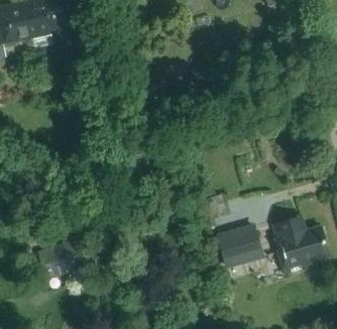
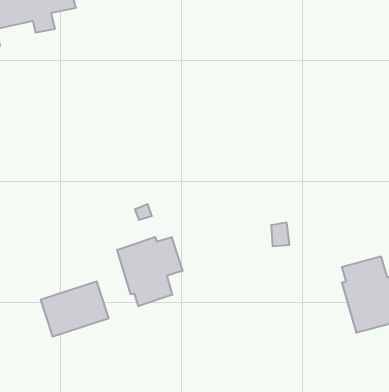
building: none -> [117,237,183,306]
building: [219,223,263,264] -> none

